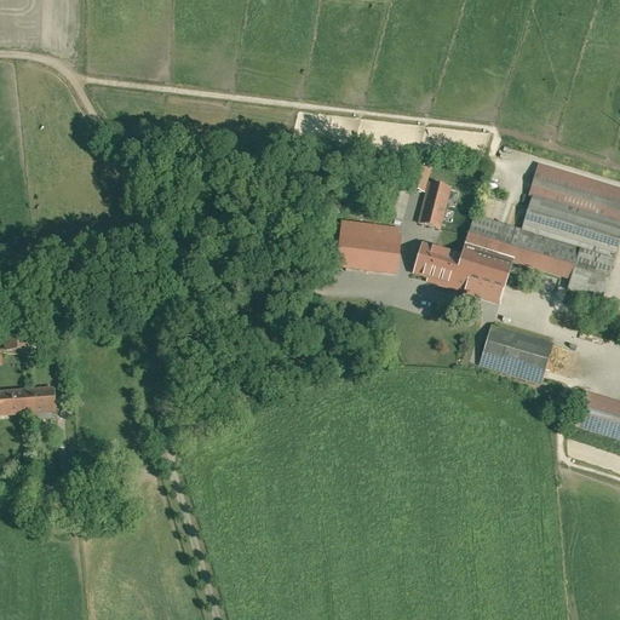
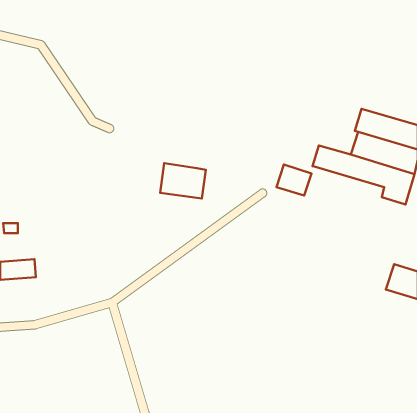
building: [418,182,450,225] -> none
building: [334,225,402,277] -> [160,163,206,198]
building: [452,246,513,304] -> none
building: [480,320,555,380] -> none

